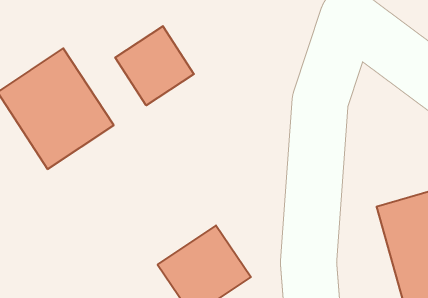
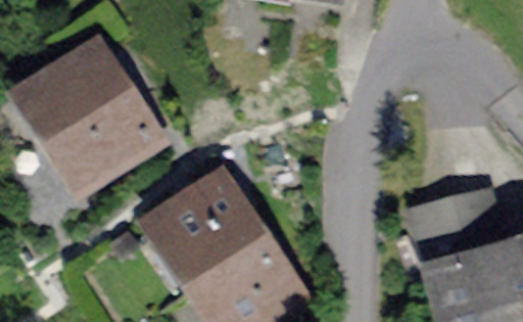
building: [115,26,194,105] -> none
building: none -> [165,184,263,279]

